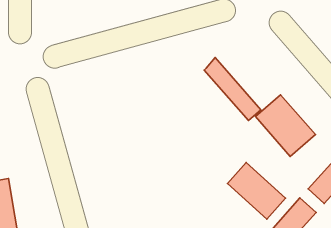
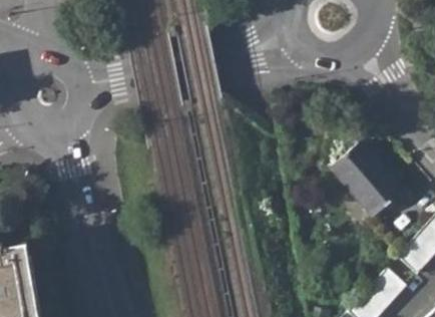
building: [204,57,261,121] -> none
building: [227,162,286,219] -> none

